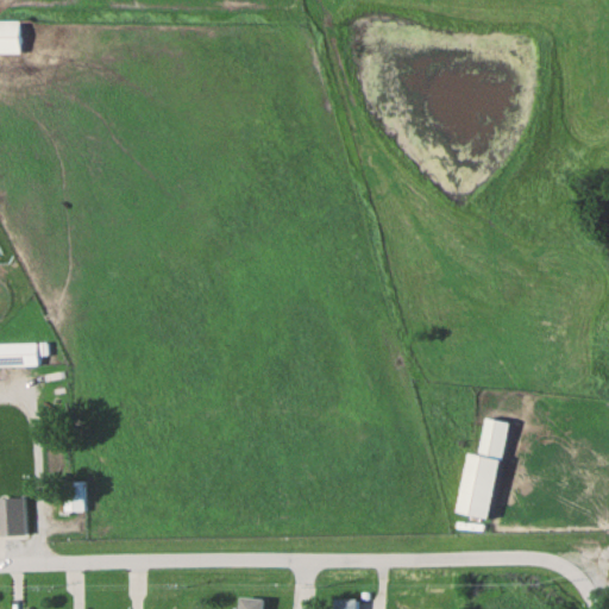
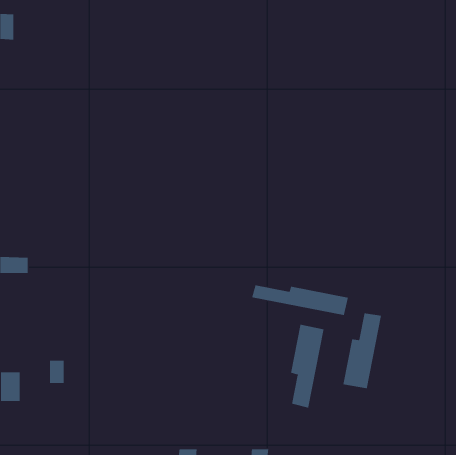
building: none -> [252,285,349,316]
building: none -> [291,324,324,408]

